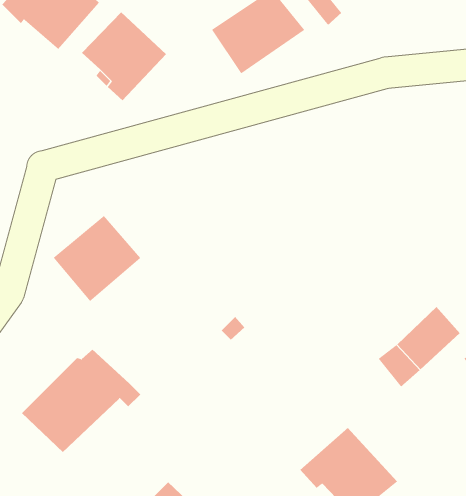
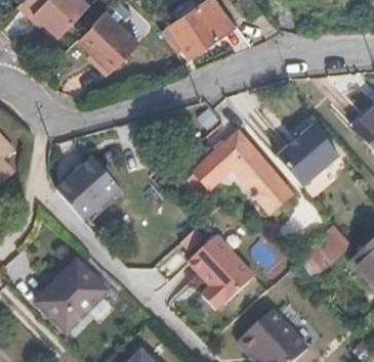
building: none -> [274,123,340,187]
building: none -> [180,133,292,213]
building: none -> [184,236,251,311]

